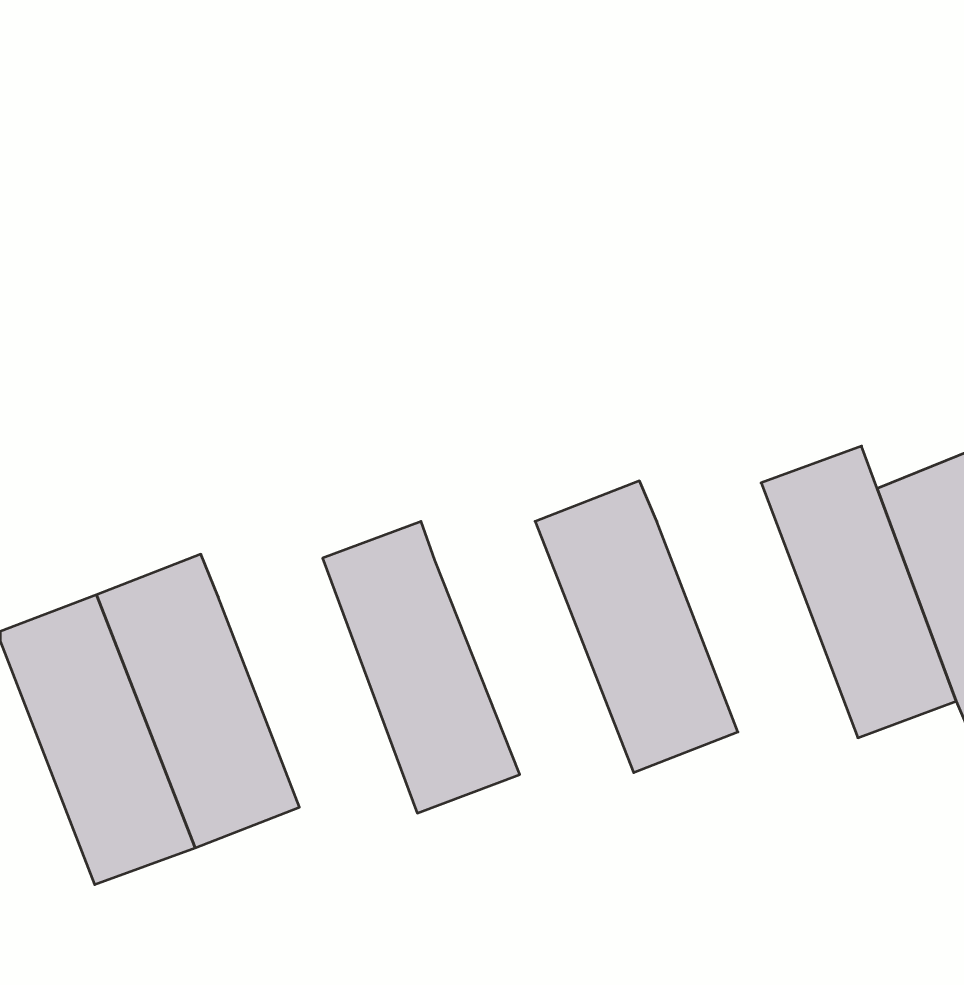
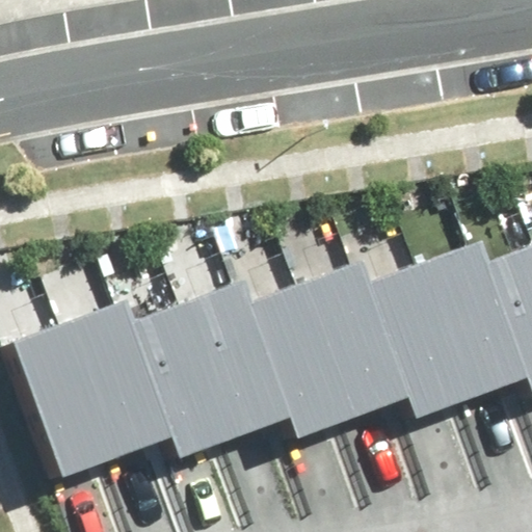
building: none -> [366,261,474,419]
building: none -> [246,282,353,437]
building: none -> [130,301,237,459]

